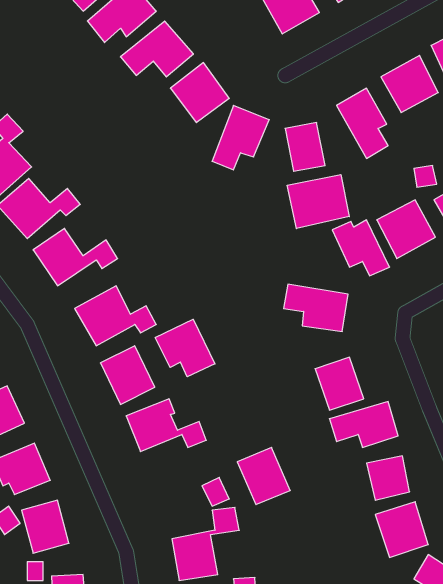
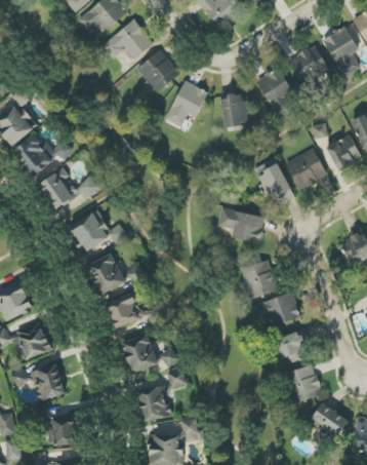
building: [287,175,349,229] -> none
building: [155,319,215,377] -> none
building: [237,447,290,505] -> [121,333,159,374]

